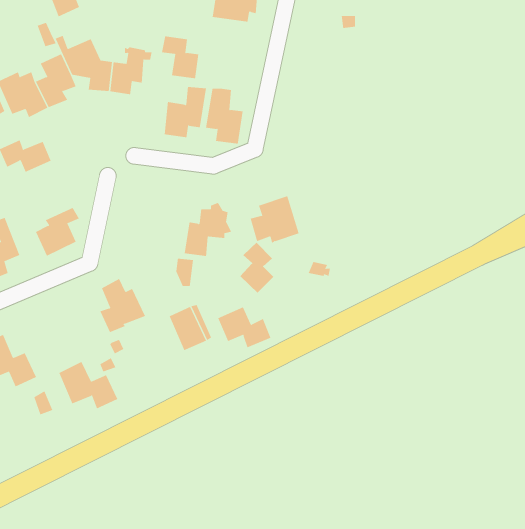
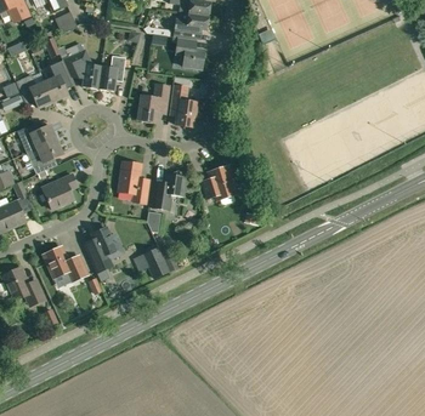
building: [161,36,199,79] -> [176,36,204,68]
building: none -> [30,138,62,172]
building: none -> [118,160,149,203]
building: [239,242,274,294] -> none
building: [217,306,271,348] -> none
building: [59,361,118,409] -> [44,245,87,280]

